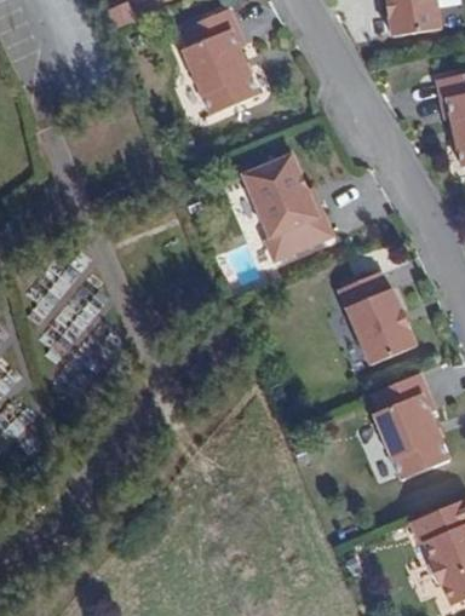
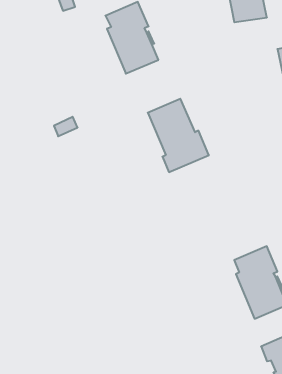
building: [338,271,415,364] -> none

